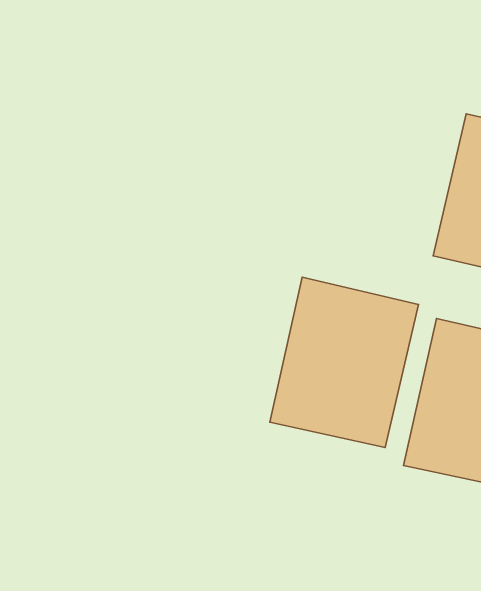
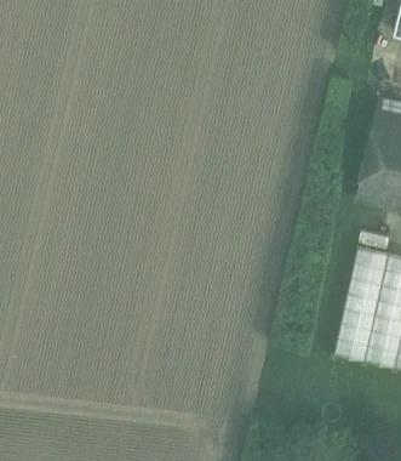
building: [270,277,418,447] -> none

